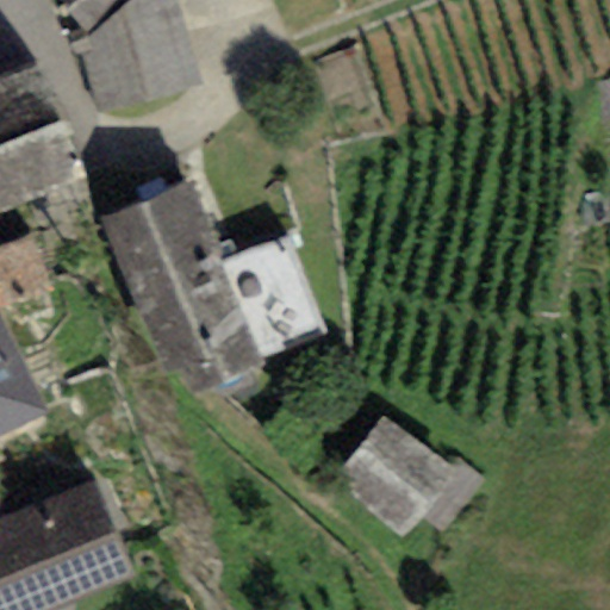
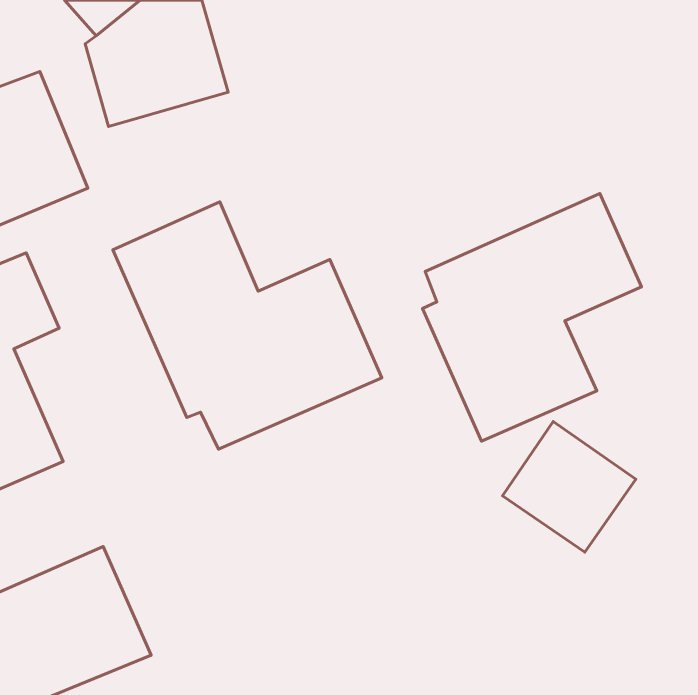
building: none -> [423,193,641,441]
building: [329,419,444,533] -> [502,422,636,552]

